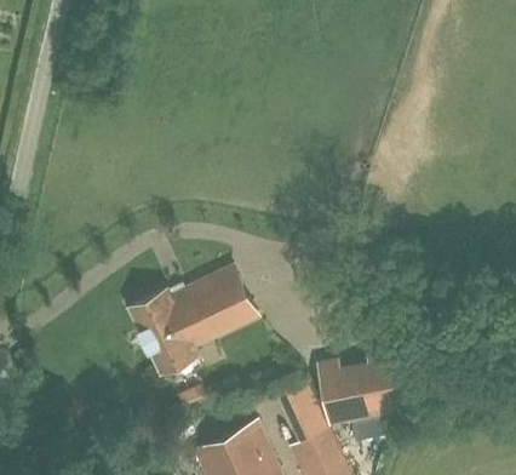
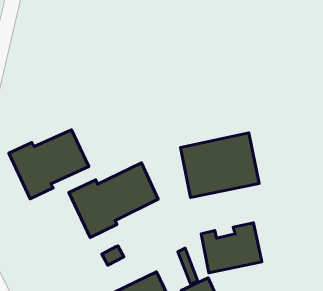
building: none -> [9,130,89,199]
building: none -> [180,133,259,197]

